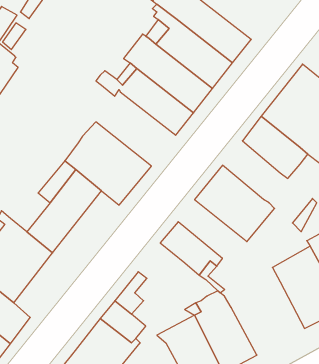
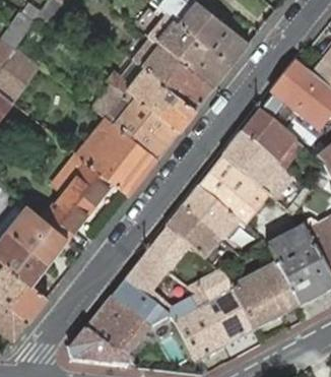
building: none -> [93,83,180,158]
building: none -> [222,134,293,201]
building: none -> [182,188,243,242]
building: none -> [145,228,188,272]
building: none -> [230,263,297,330]

